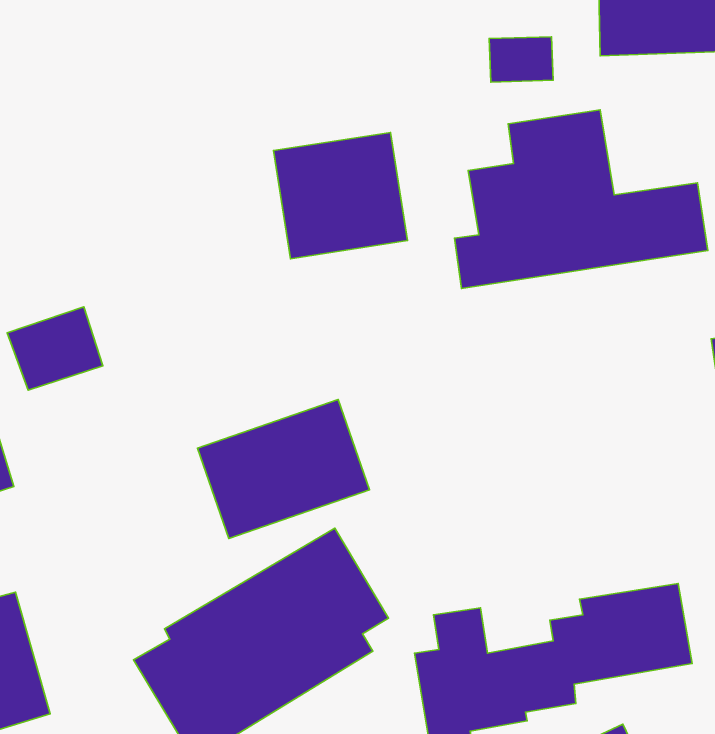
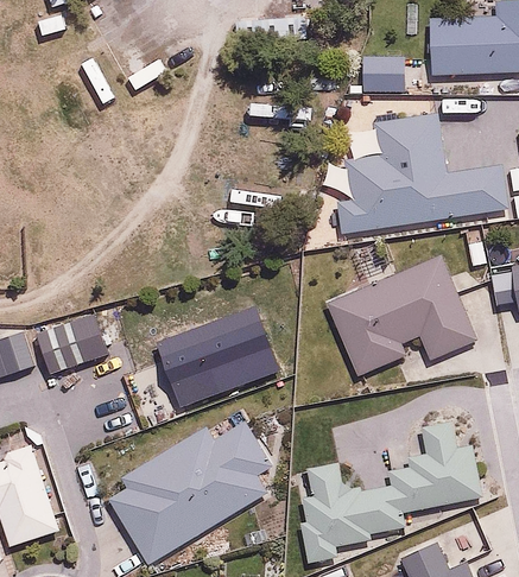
building: [274,132,407,259] -> none
building: [7,307,103,390] -> [37,318,102,375]
building: none -> [325,252,479,376]

